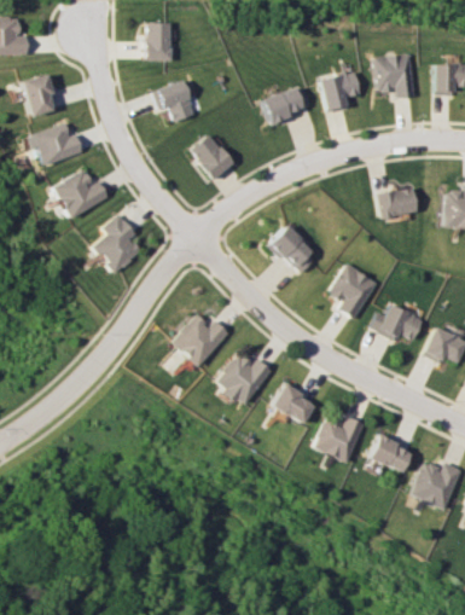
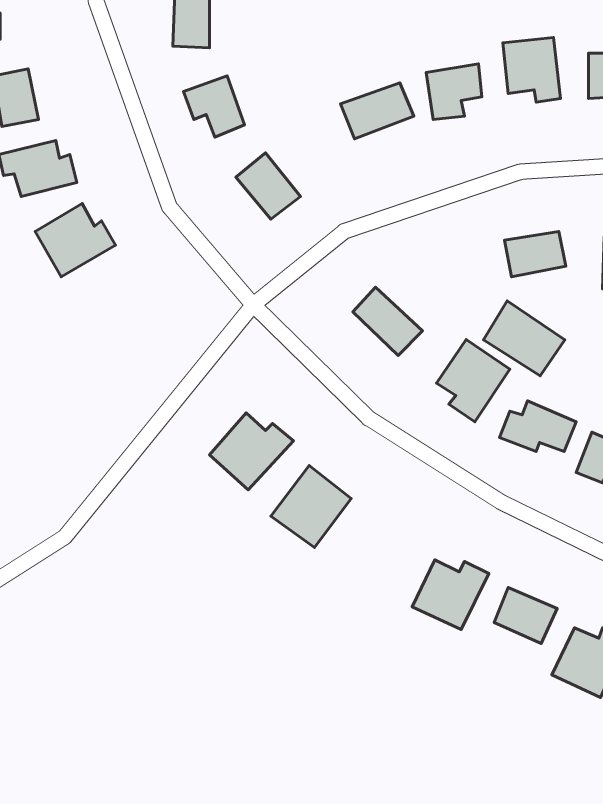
building: [93,214,140,273] -> none
building: none -> [483,301,565,376]
building: [272,384,316,424] -> none

